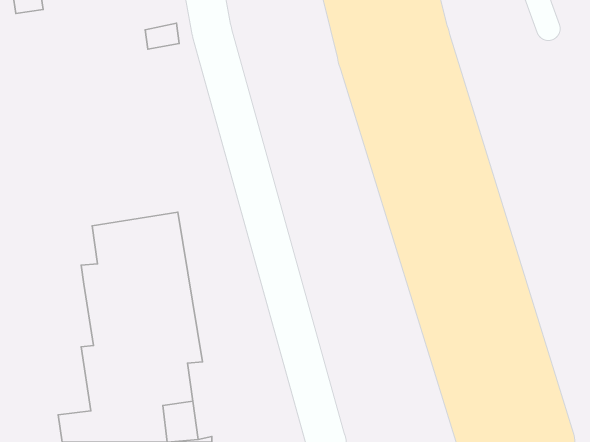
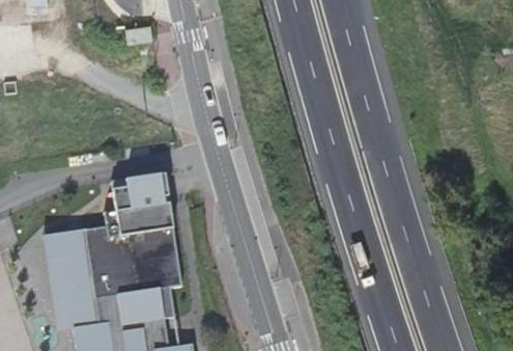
building: none -> [42,230,99,331]

